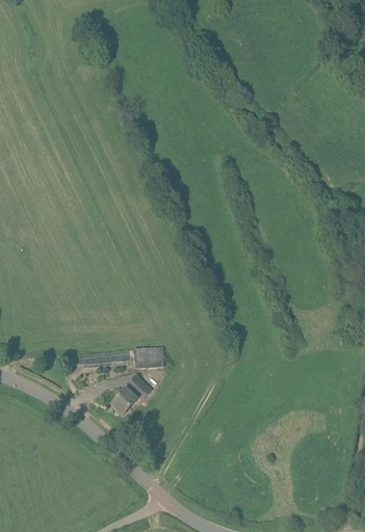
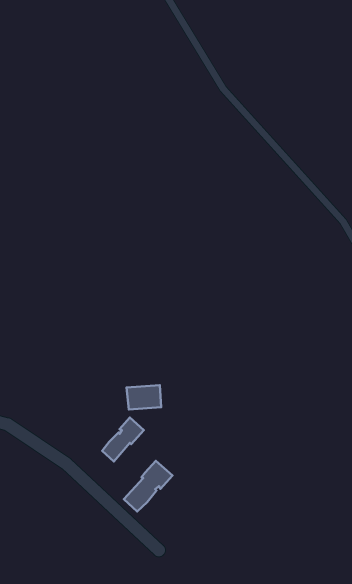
building: none -> [124,461,173,511]

